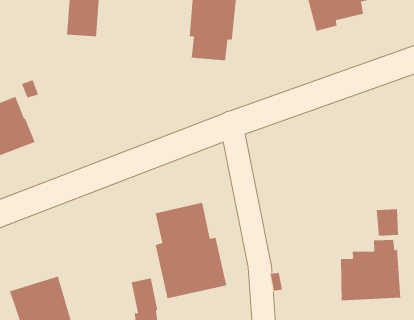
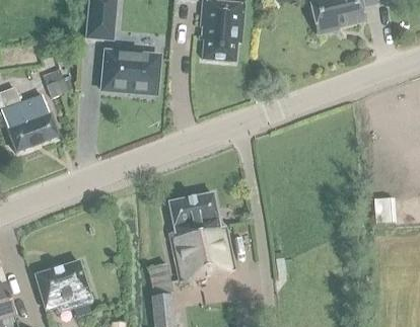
building: none -> [101,51,159,94]
building: [340,239,401,301] -> none

